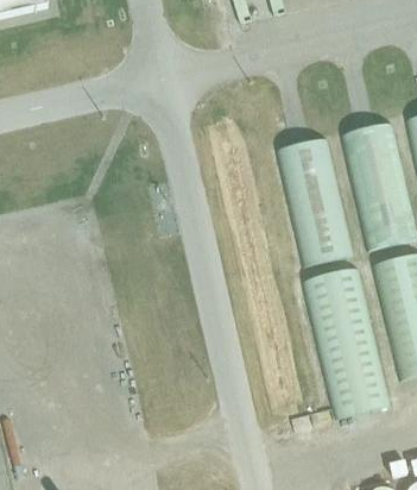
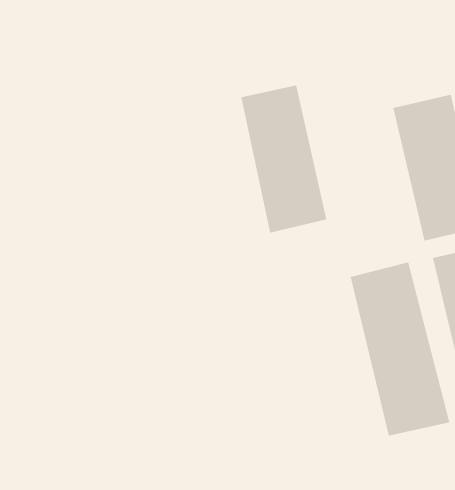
building: [278,138,353,266] -> [240,85,327,233]

